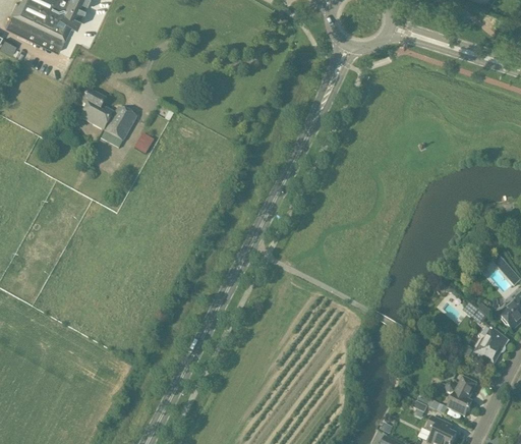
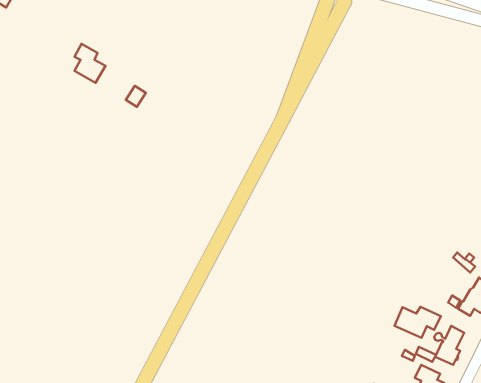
building: [104,106,137,142] -> none
building: none -> [394,307,441,338]

